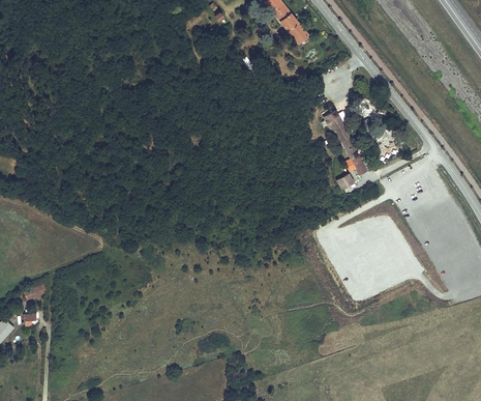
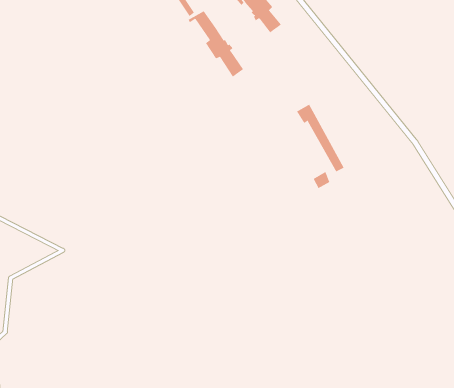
building: none -> [188,10,244,77]

